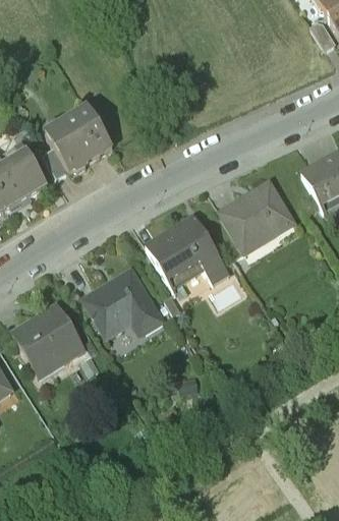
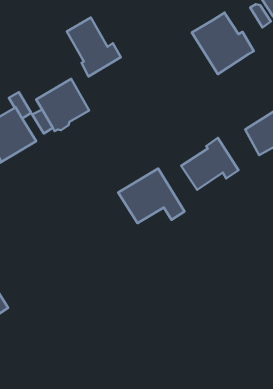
building: none -> [192,12,254,74]
building: none -> [67,17,121,76]
building: [83,269,163,337] -> none
building: [12,305,83,368] -> none

